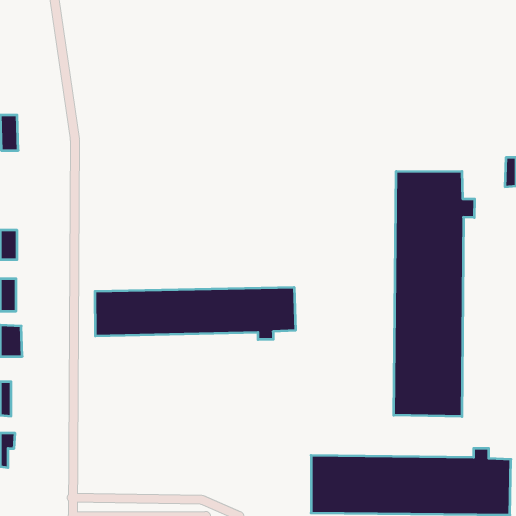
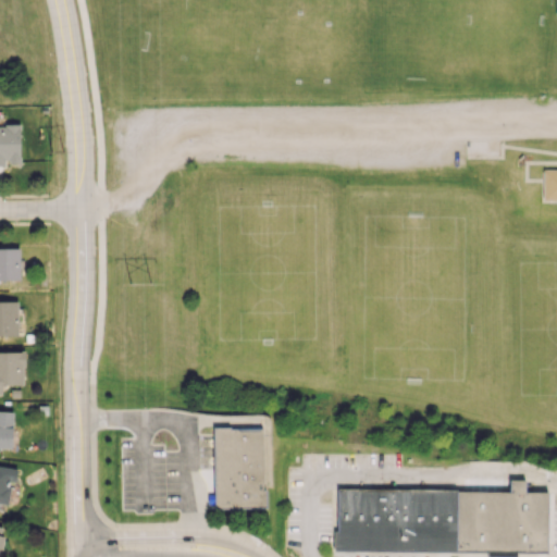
building: [394,171,475,417] -> none
building: [95,287,295,340] -> none
building: none -> [214,431,269,511]

